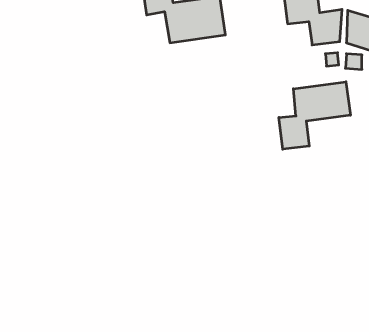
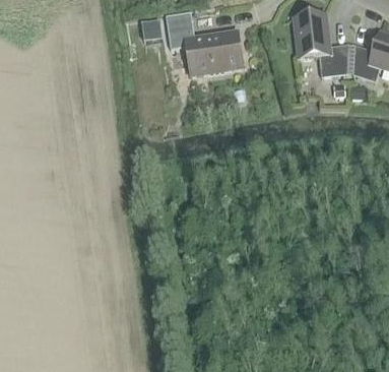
building: [279,82,350,149] -> none

